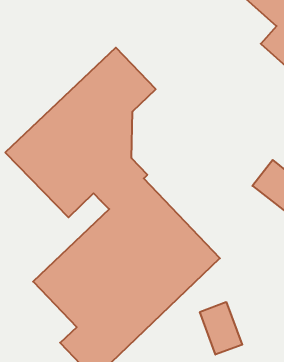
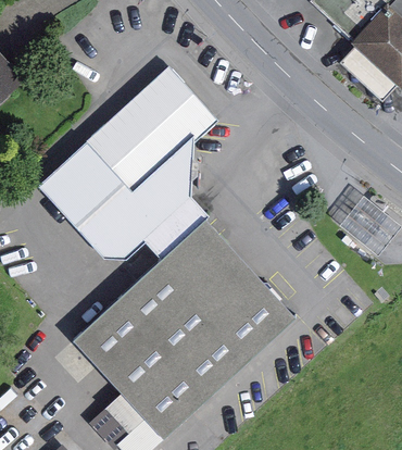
building: [200,302,242,355] -> none

